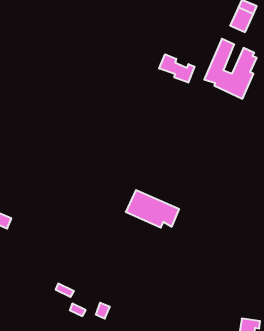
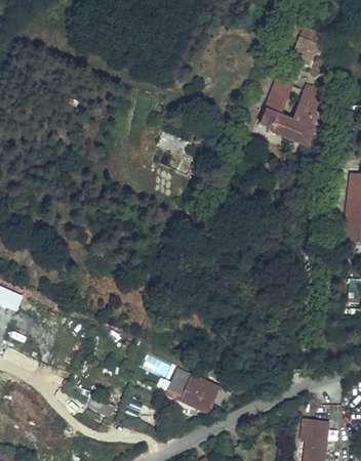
building: [159,54,195,83] -> none
building: [126,190,179,228] -> [164,370,230,416]

